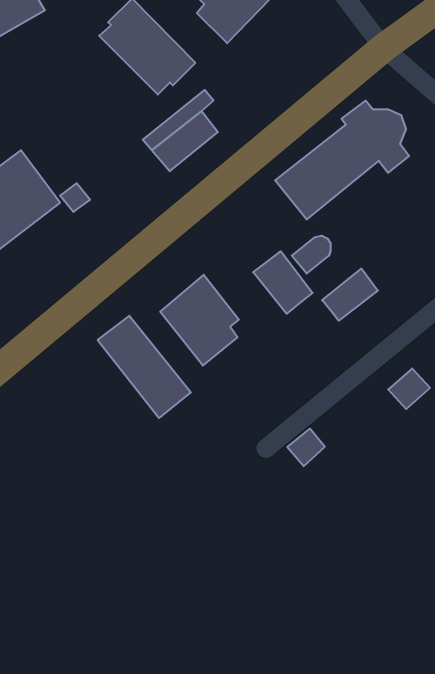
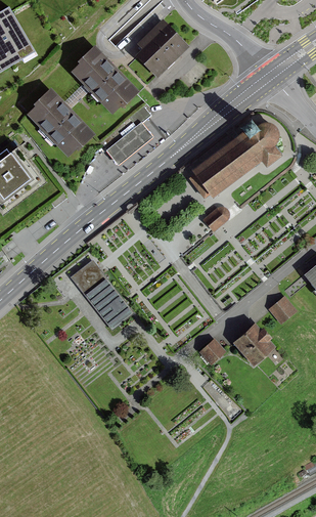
building: none -> [28,89,94,154]
building: [253,251,313,314] -> none
building: [322,269,378,321] -> none
building: [160,275,239,366] -> none
building: none -> [231,322,274,365]

